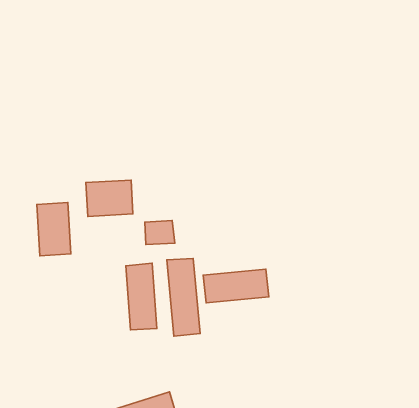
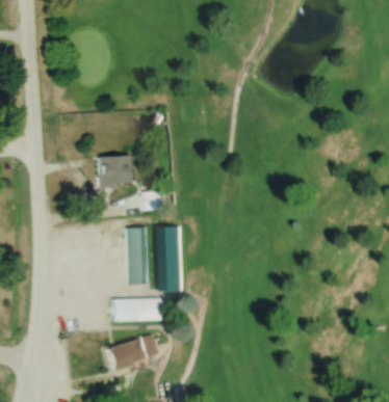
building: [37,203,71,256] -> none
building: [203,269,269,303] -> [110,297,163,322]

